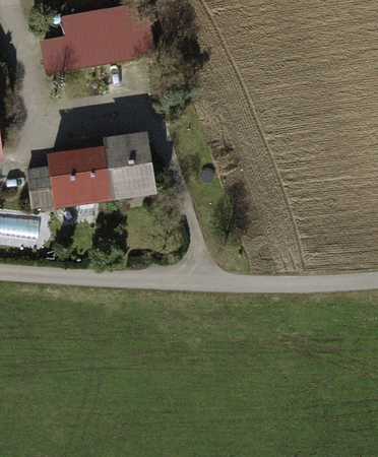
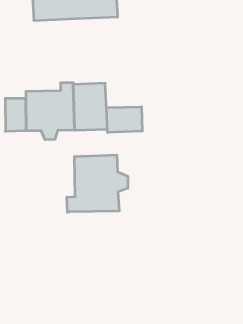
building: none -> [107,107,142,133]
building: none -> [67,155,128,212]

